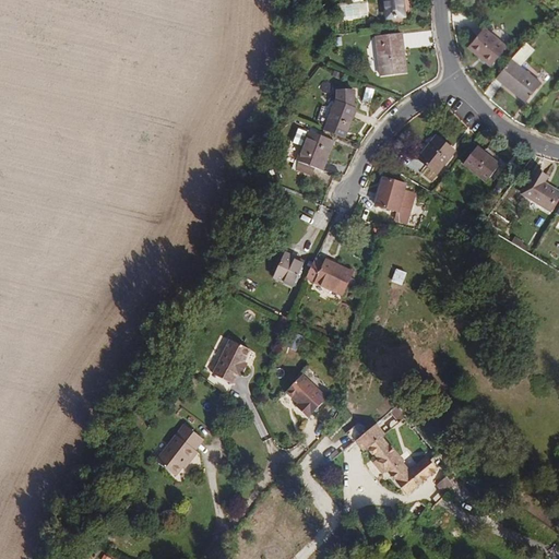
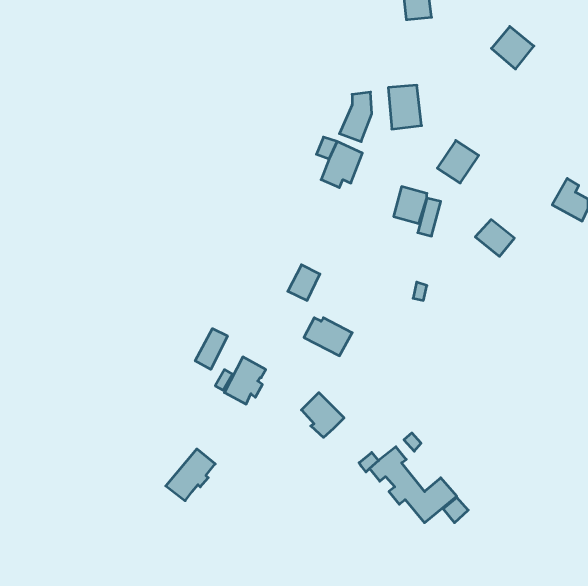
building: [374,32,406,73] -> [388,85,422,129]
building: [495,39,537,99] -> none
building: [462,145,499,180] -> [475,220,514,256]
building: [306,257,352,293] -> [304,318,352,356]
building: none -> [195,329,227,369]

